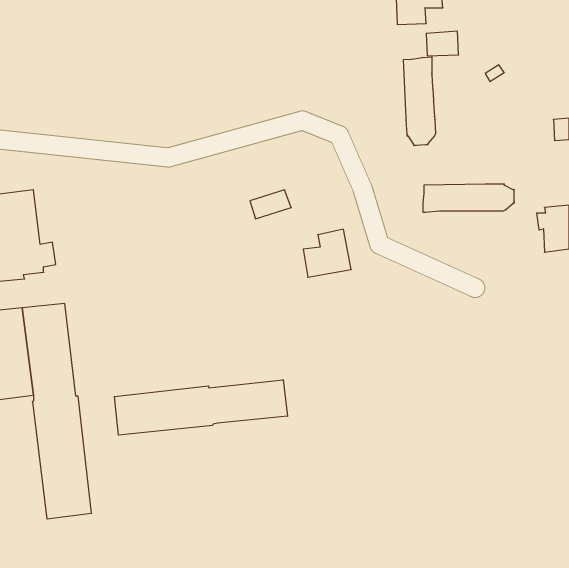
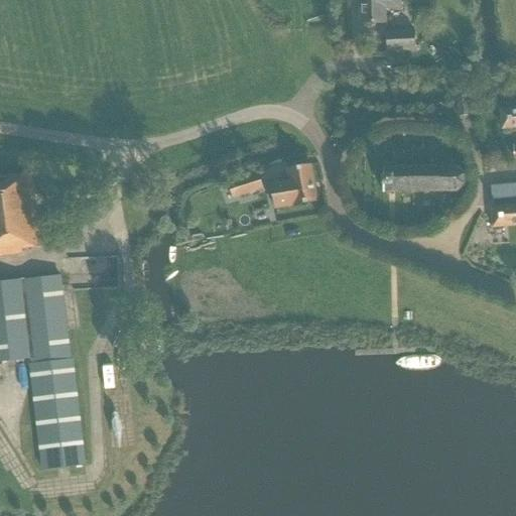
building: [404,57,436,146] -> none
building: [303,229,351,277] -> [273,163,316,207]
building: [115,380,288,435] -> none

